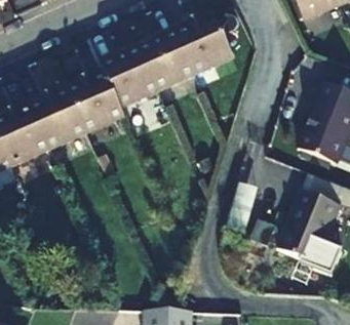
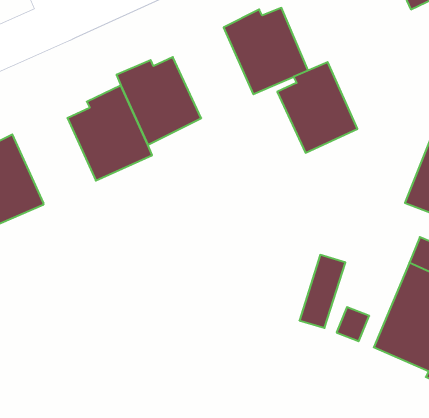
building: [139,27,194,89] -> [277,62,357,153]
building: [28,89,85,149] -> none

